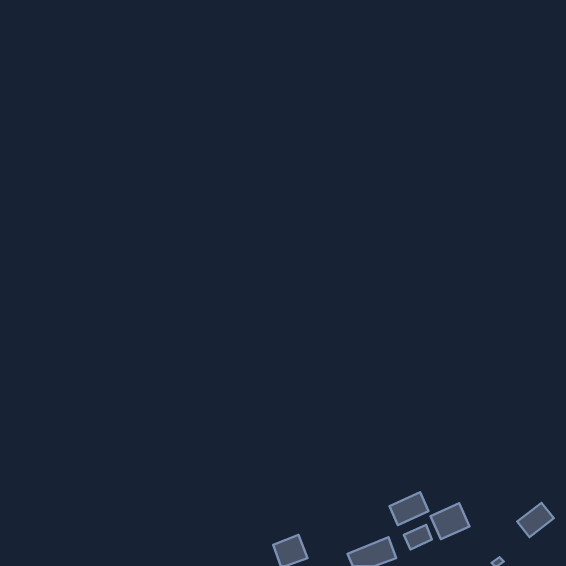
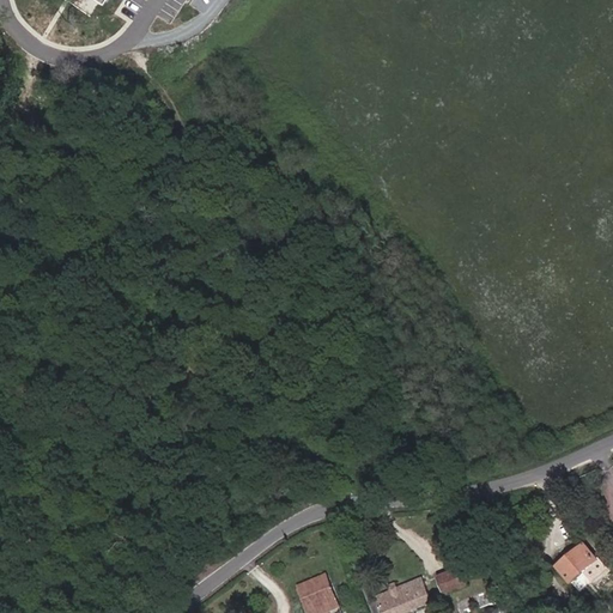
building: [389,492,428,525] -> none
building: [431,503,469,539] -> none

